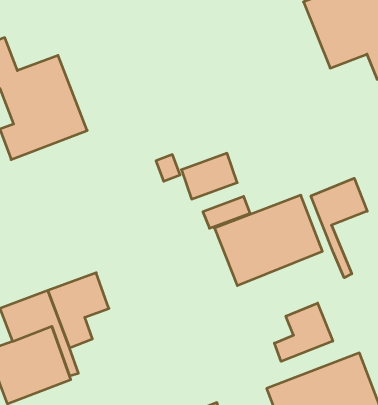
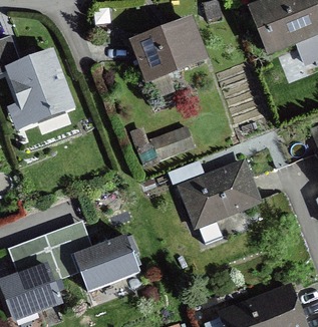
building: none -> [128,15,209,84]
building: [311,178,367,278] -> none
building: none -> [74,235,140,293]
building: [274,303,333,361] -> none

